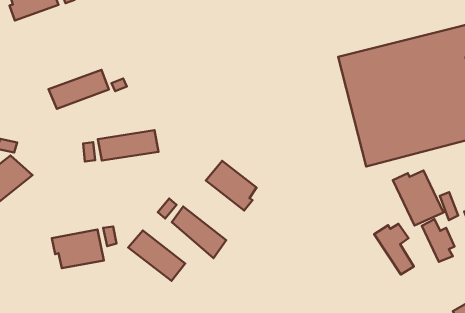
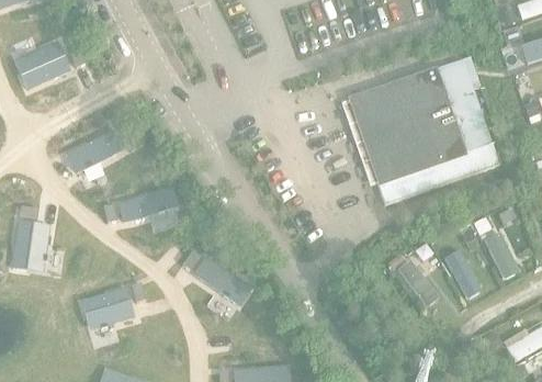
building: [206,161,257,210] -> none
building: [393,171,444,226] -> none
building: [128,231,185,281] -> none

